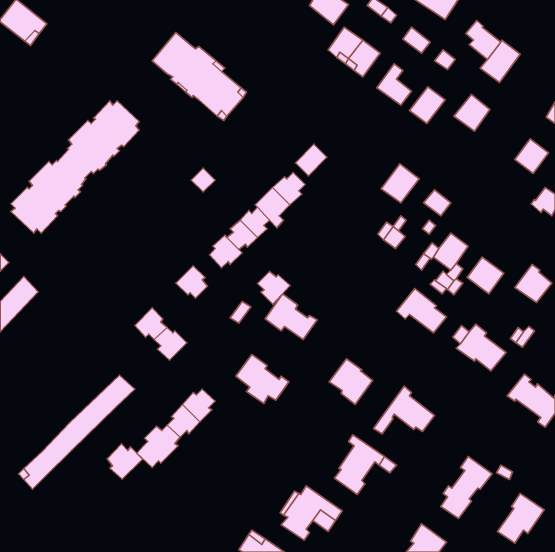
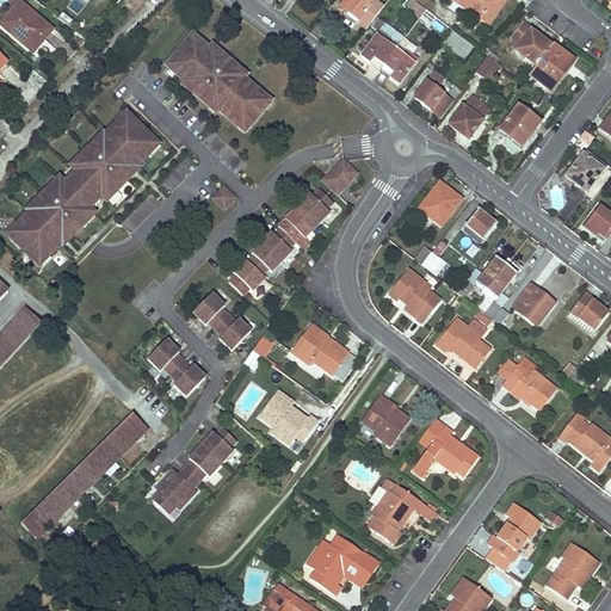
building: none -> [388,269,440,321]
building: [258,272,290,304] -> [215,315,251,351]
building: [107,444,143,479] -> none

